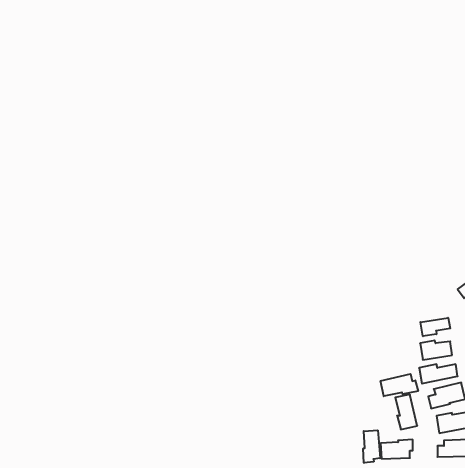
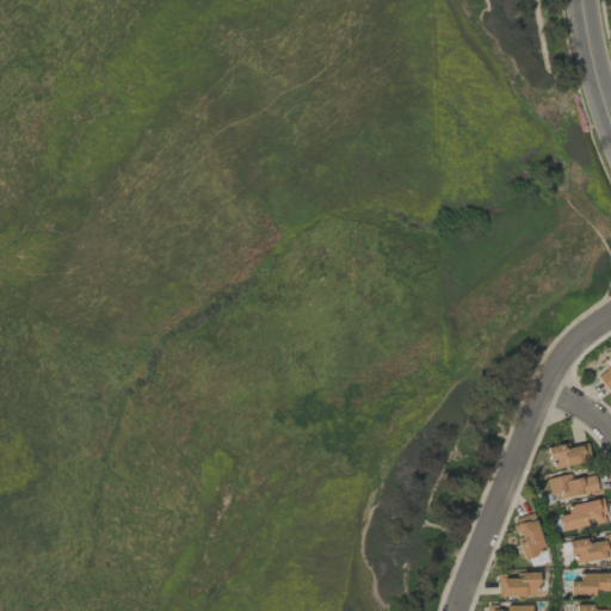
building: [420,318,450,336] -> none
building: [381,374,418,396] -> none
building: [363,430,380,463] -> none

